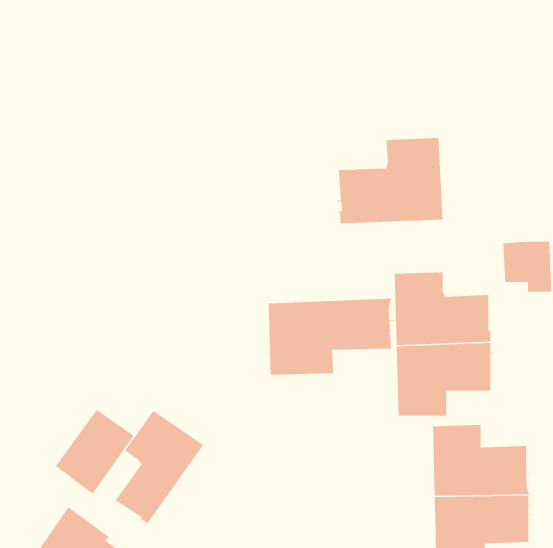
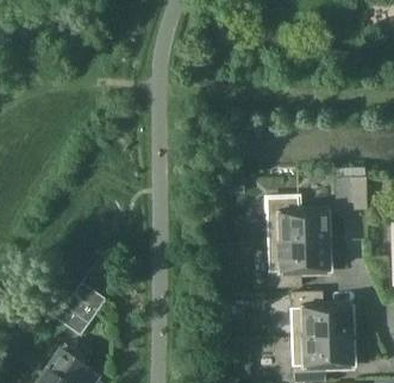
building: [336,137,443,224] -> none
building: [268,298,395,375] -> none
building: [115,410,204,526] -> none

